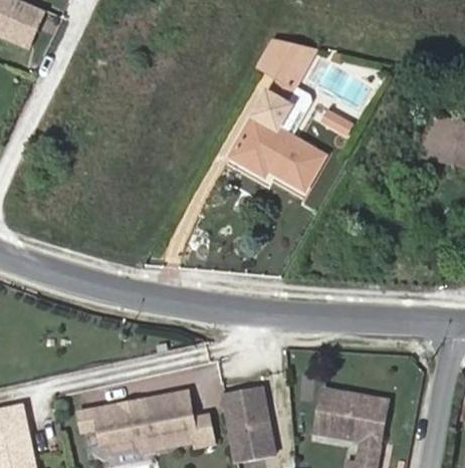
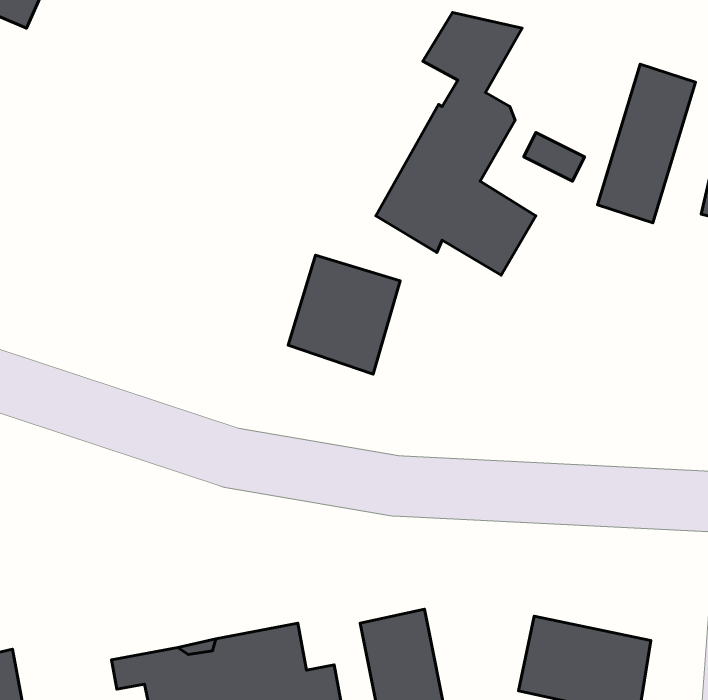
building: none -> [597,64,696,223]
building: none -> [288,255,400,374]

